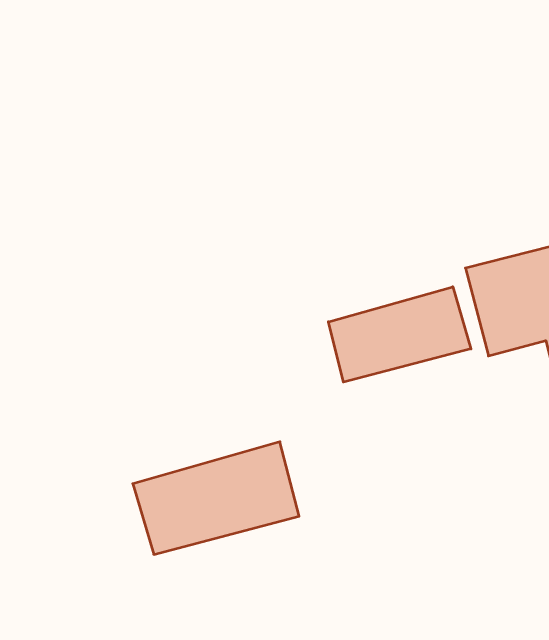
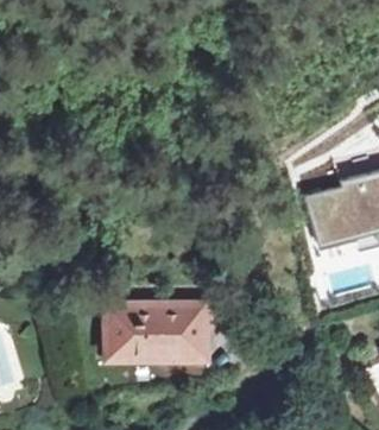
building: [328,287,471,382] -> none

